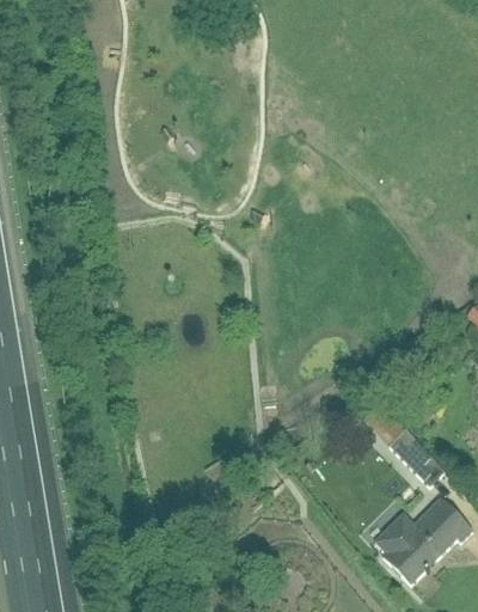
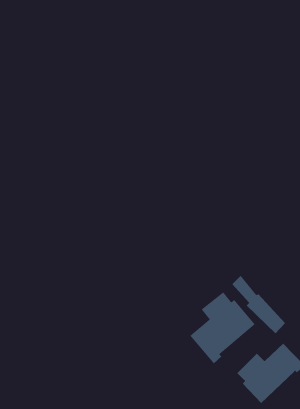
building: none -> [189,292,256,364]

